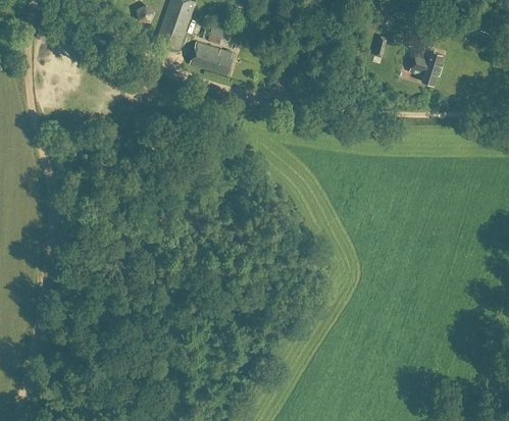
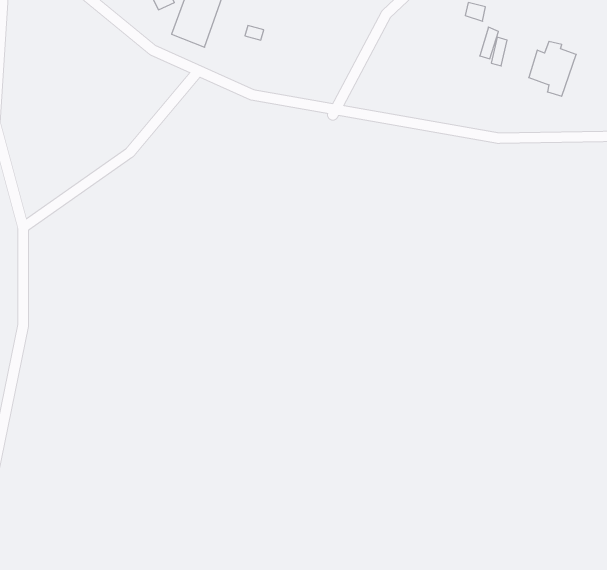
building: [188,41,234,75] -> none

